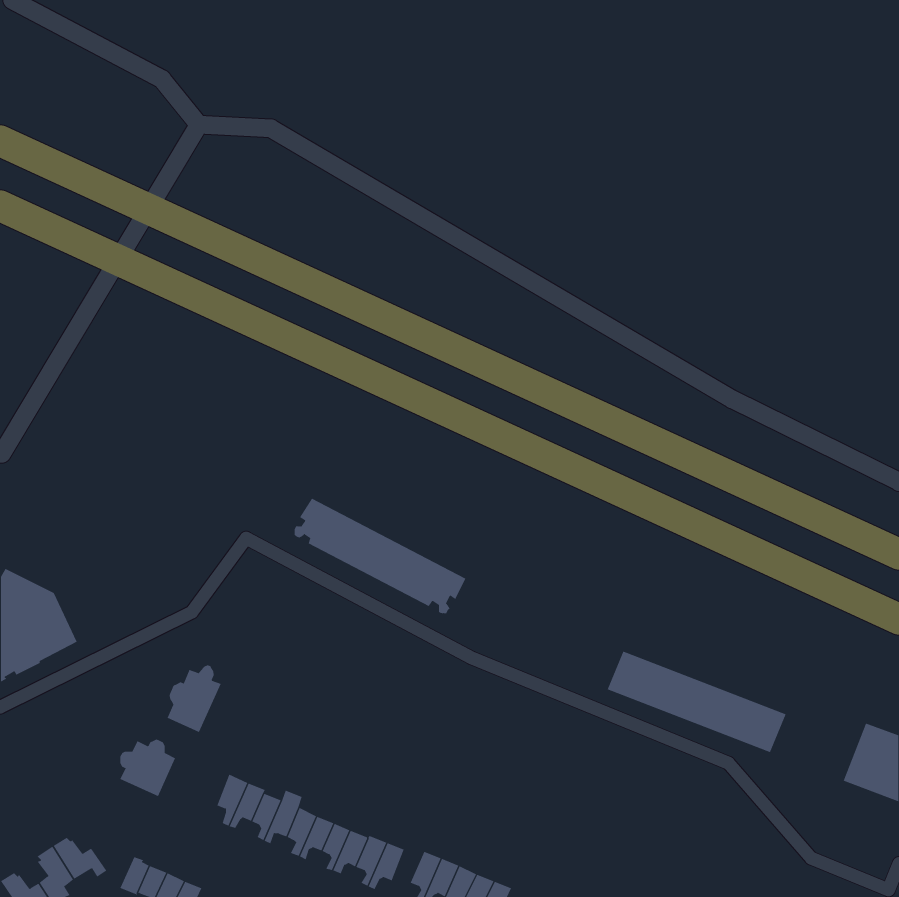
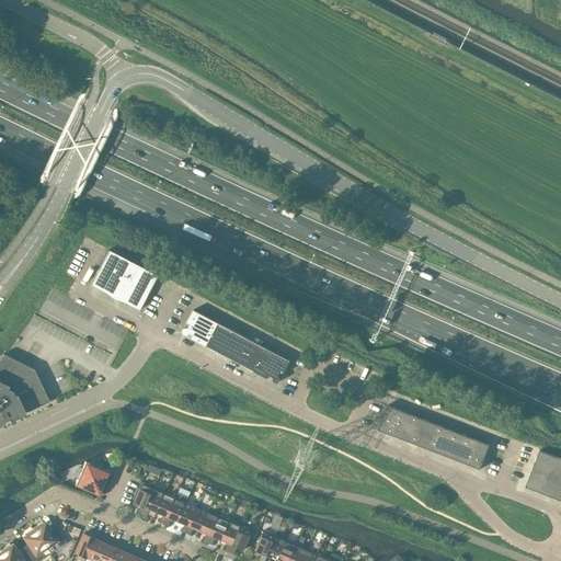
building: none -> [90,251,157,311]
building: [167,664,221,733] -> none

